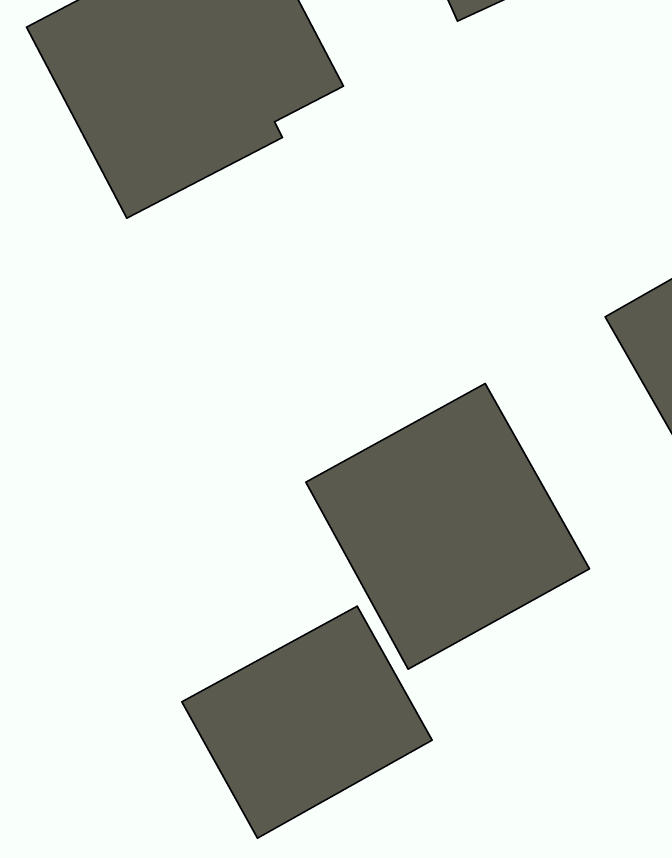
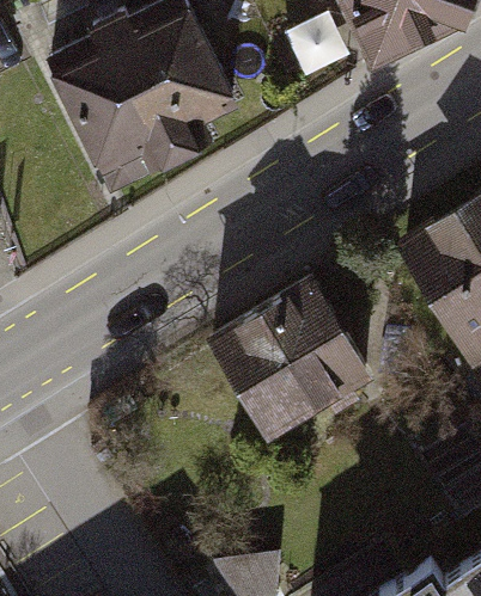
building: [182,606,432,838] -> none

